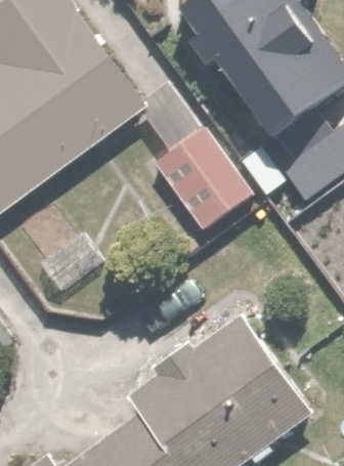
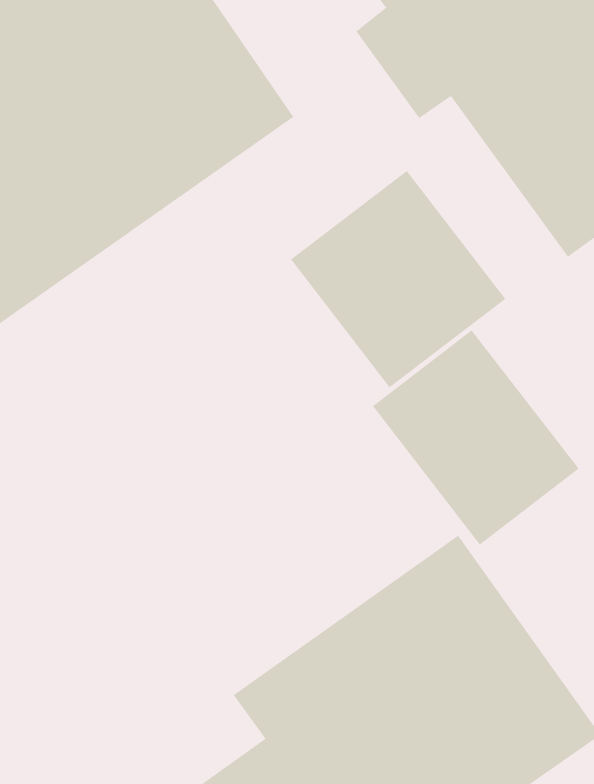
building: none -> [372,329,579,545]

